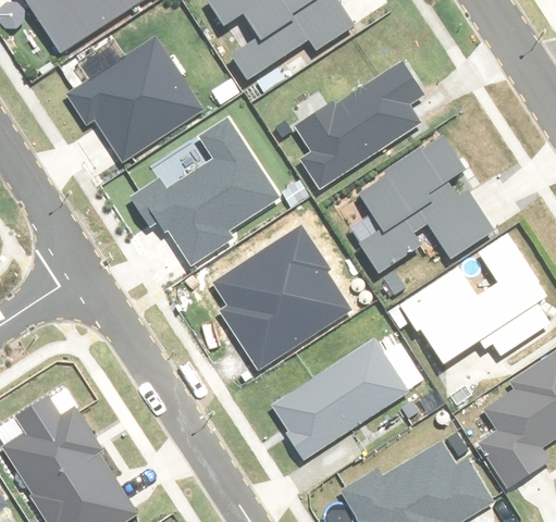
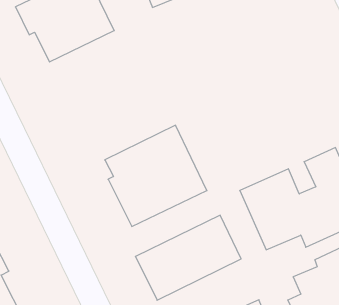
building: [295,66,421,187] -> none
building: [136,119,279,263] -> none
building: [357,141,491,270] -> none

